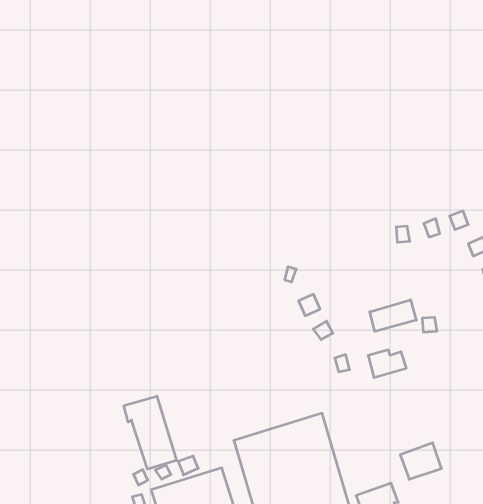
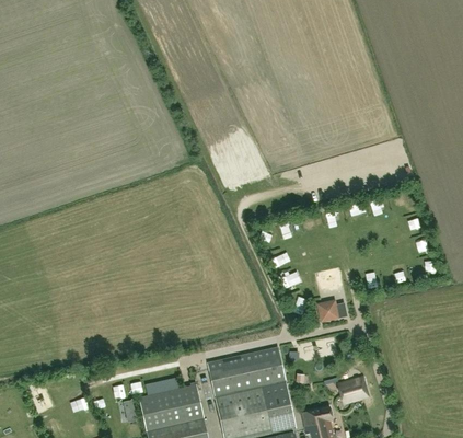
building: [370,300,416,331] -> none
building: [124,396,177,469] -> none

